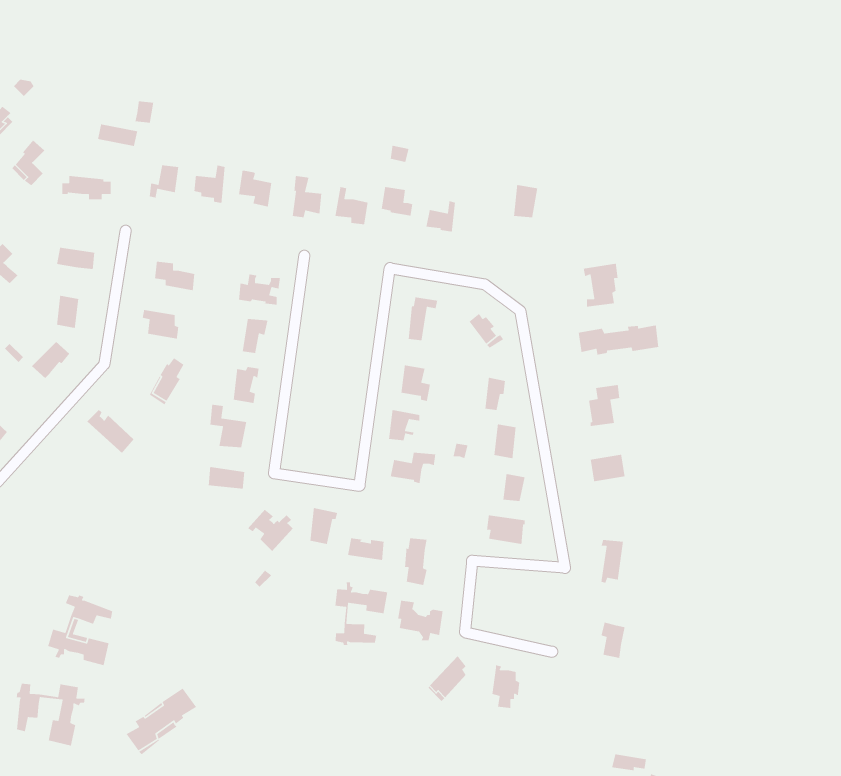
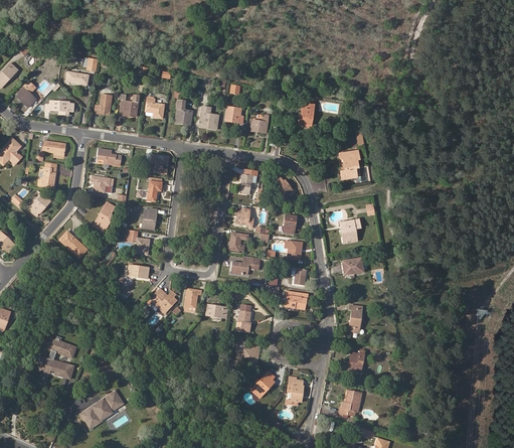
building: [578,325,659,356] -> none
building: [334,582,388,646] -> none
building: [16,683,86,746] -> none
building: none -> [338,390,361,419]

